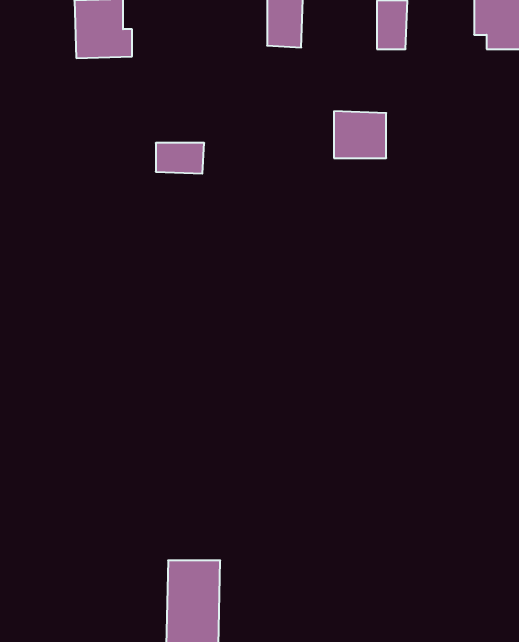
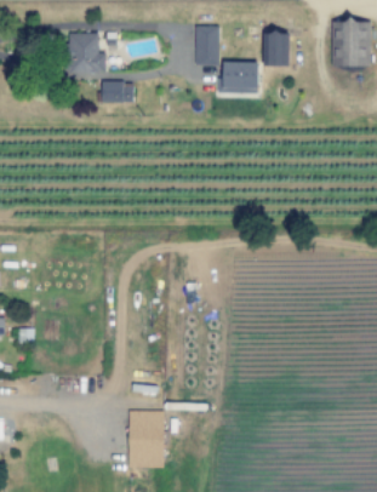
building: [334,111,386,158] -> [223,62,258,93]
building: [156,143,204,174] -> [101,82,133,103]

